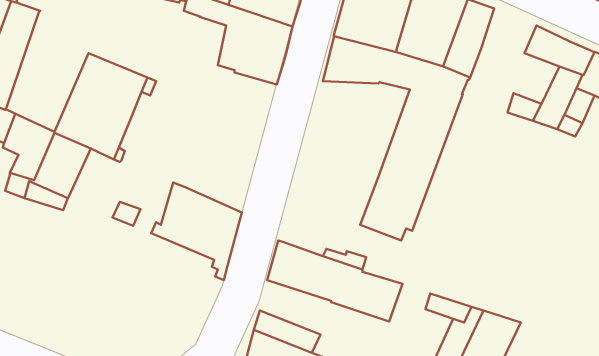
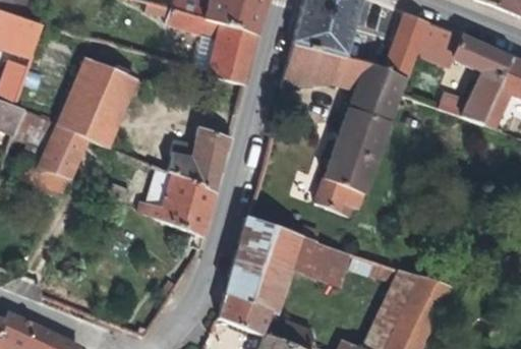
building: none -> [417,20,464,67]
building: none -> [168,126,231,192]
building: none -> [231,249,291,295]

